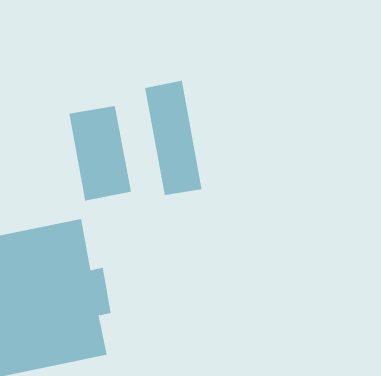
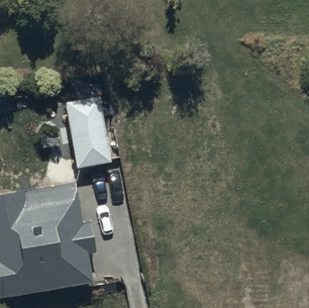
building: [145,80,202,196] -> none

